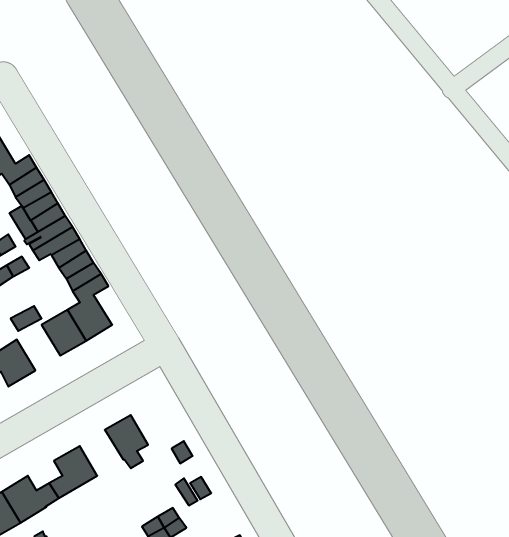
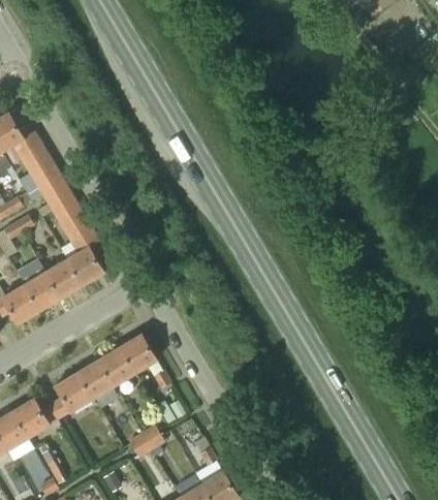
building: none -> [24,273,60,311]
building: none -> [119,335,156,373]
building: none -> [76,361,113,399]

